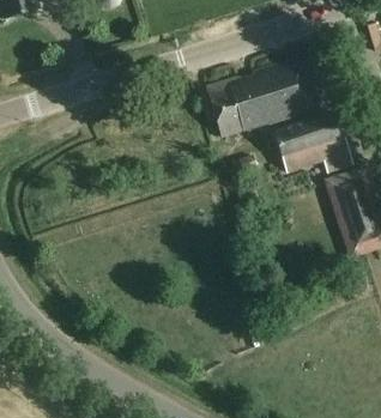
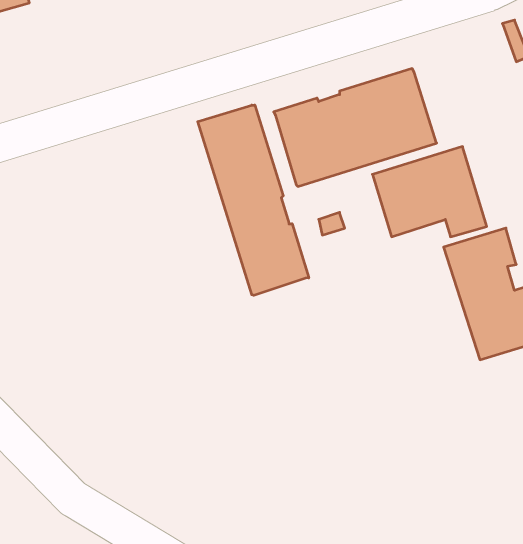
building: none -> [198,105,309,295]

